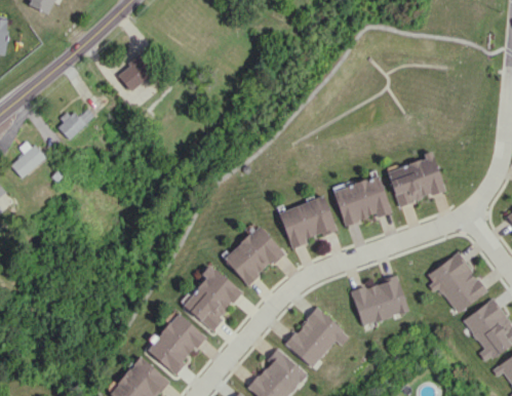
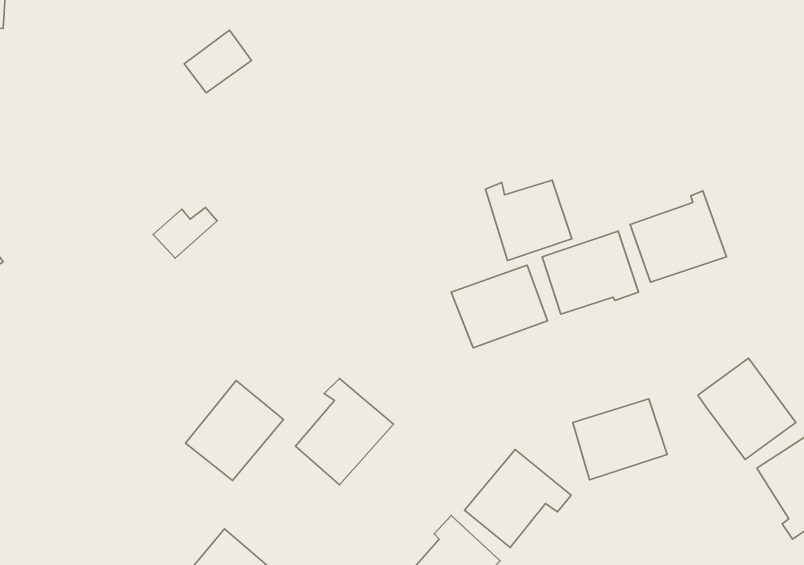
building: [55,109,94,140] -> [153,207,217,258]
building: [10,140,44,177] -> none
building: none -> [485,180,572,261]
building: [223,226,283,285] -> none
building: [146,313,205,373] -> [185,381,283,480]

